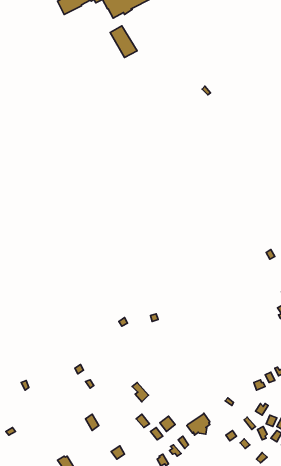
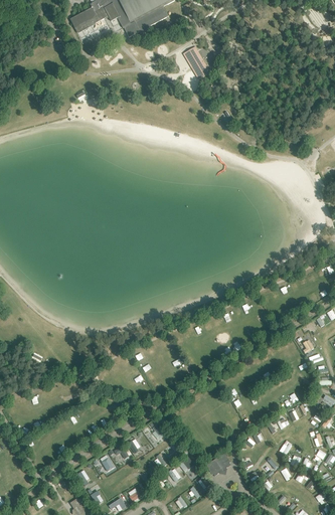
building: [110,26,137,57] -> [183,46,211,79]

